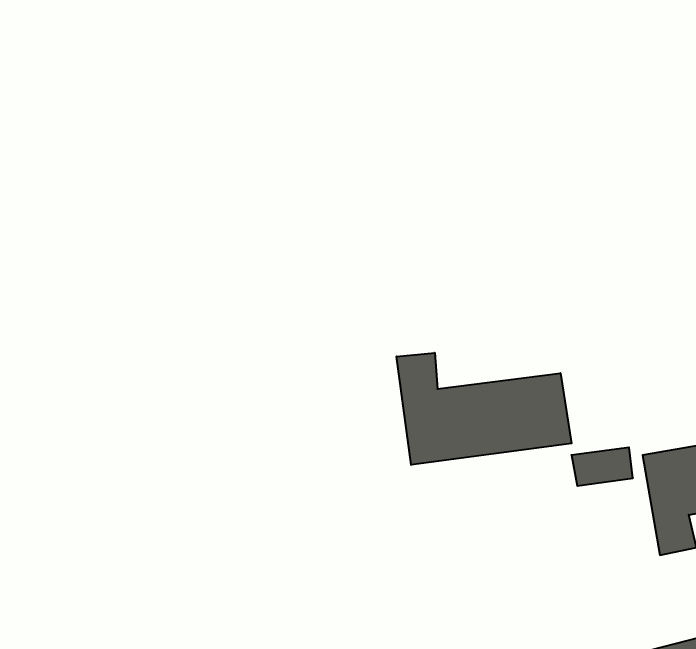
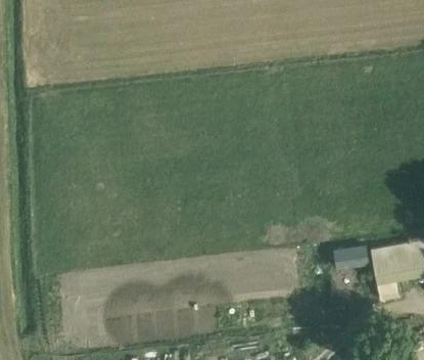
building: [397,353,572,465] -> none

